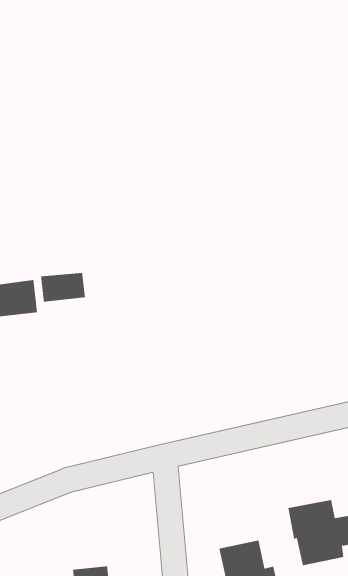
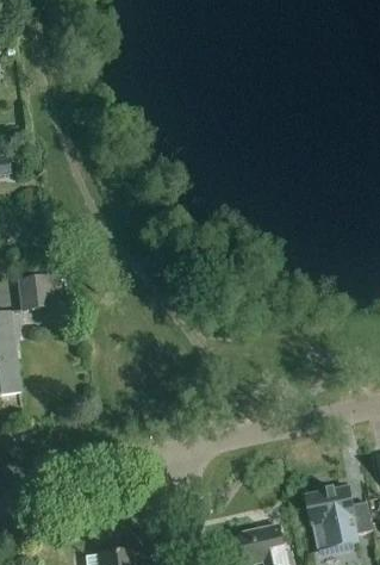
building: [41,272,85,302] -> none

